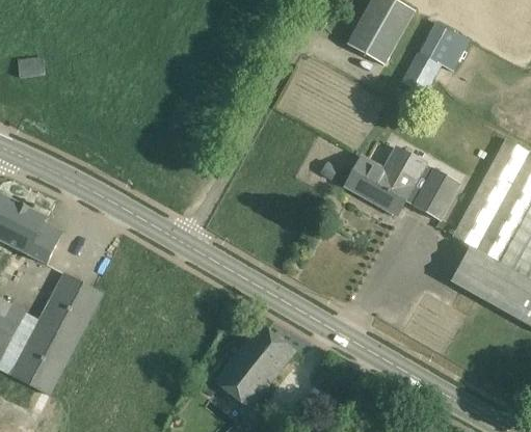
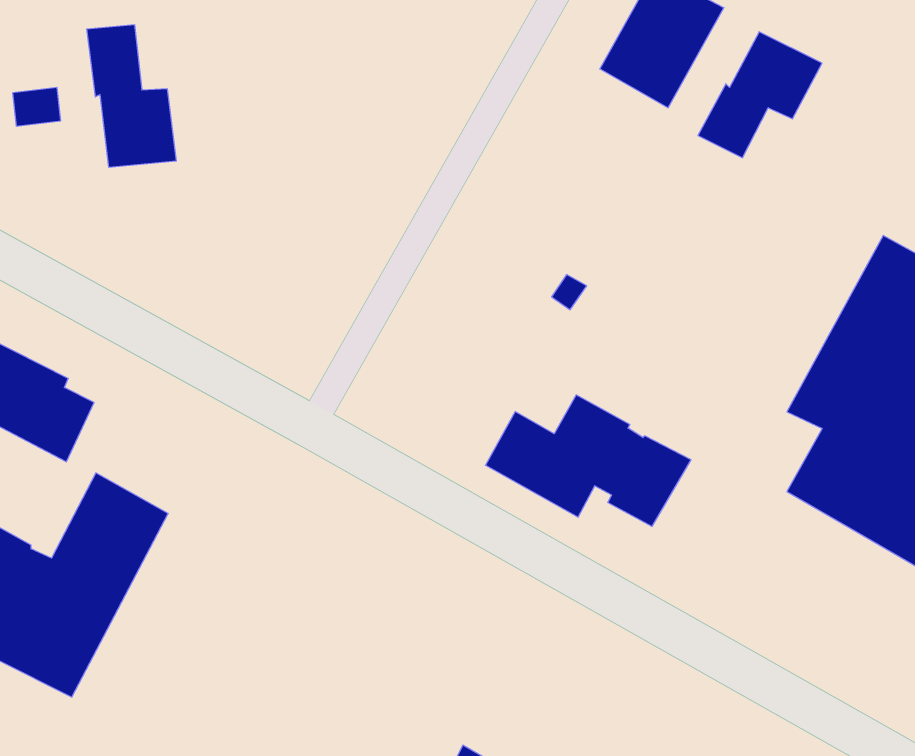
building: none -> [87,25,176,167]
building: [346,146,461,220] -> [485,395,691,526]
building: [216,324,296,409] -> none

